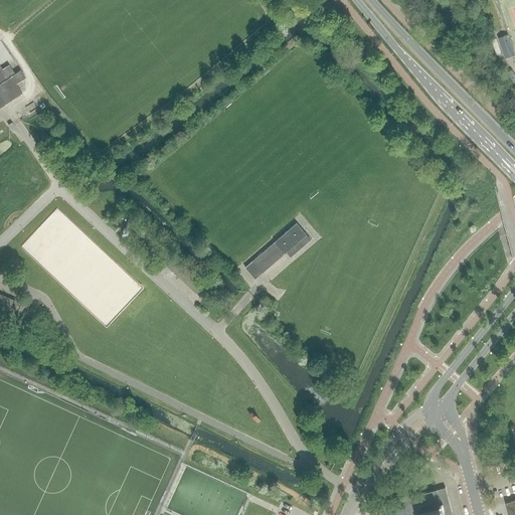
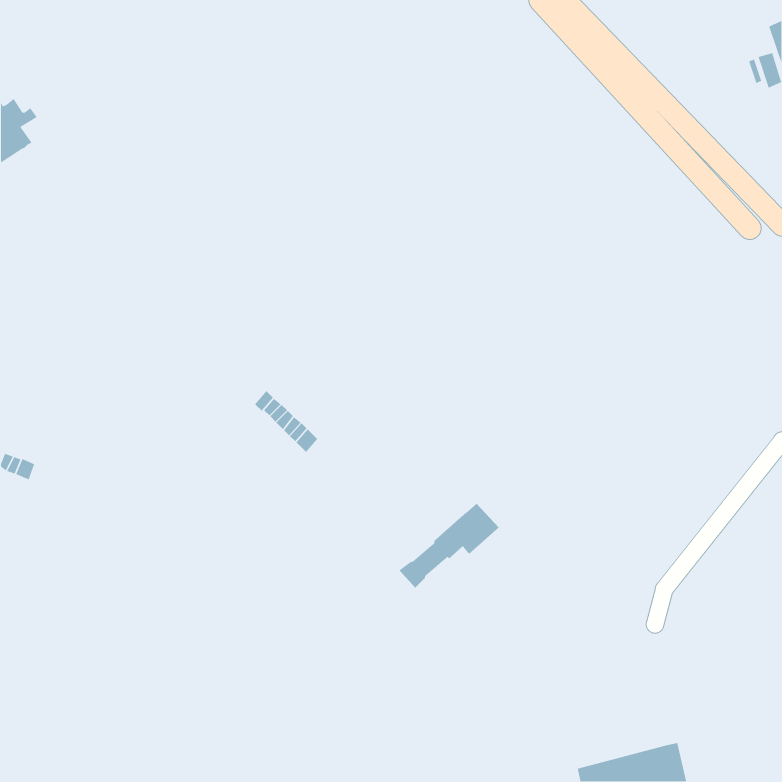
building: [244,223,311,280] -> [398,503,499,589]

